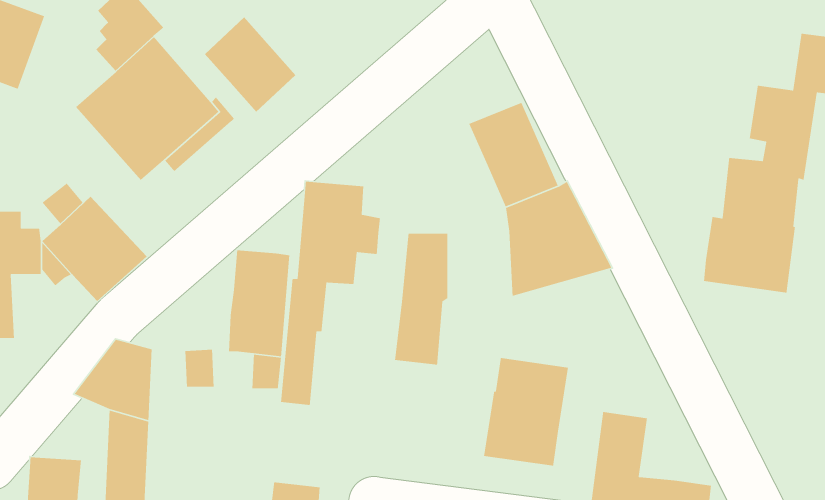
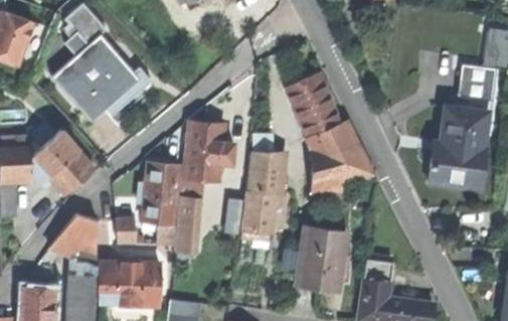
building: [204,17,296,113] -> none
building: none -> [98,263,160,302]

